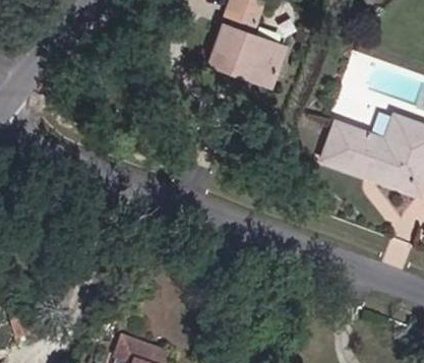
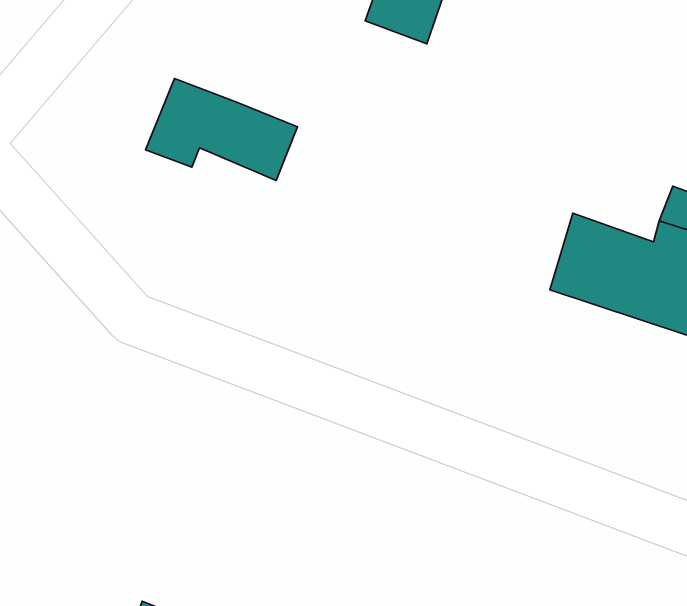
building: [211,22,292,76] -> [146,79,297,180]

